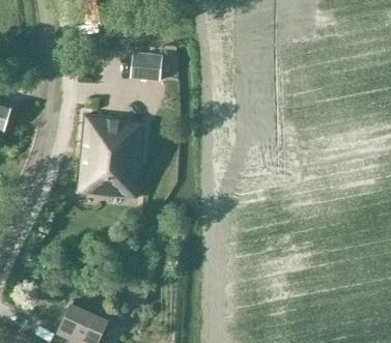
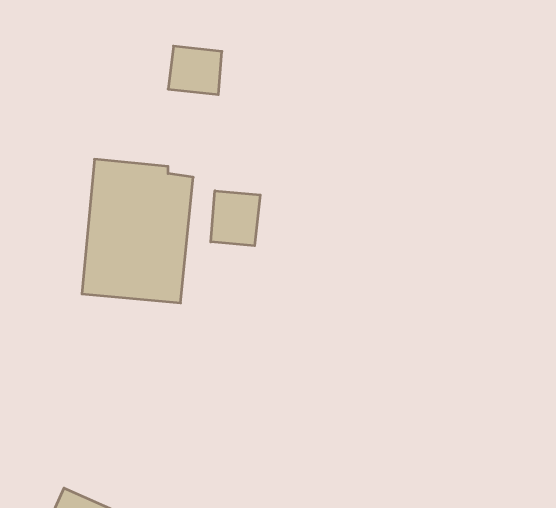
building: none -> [211,191,260,246]

